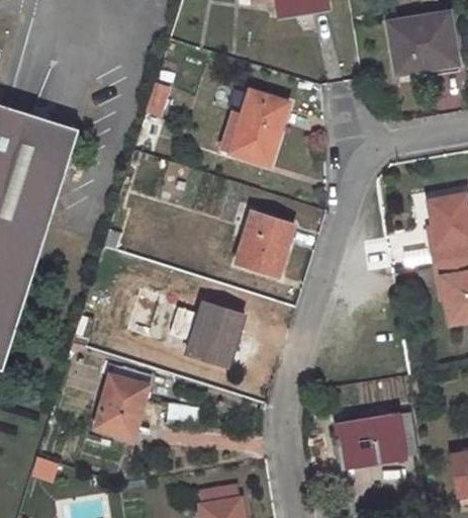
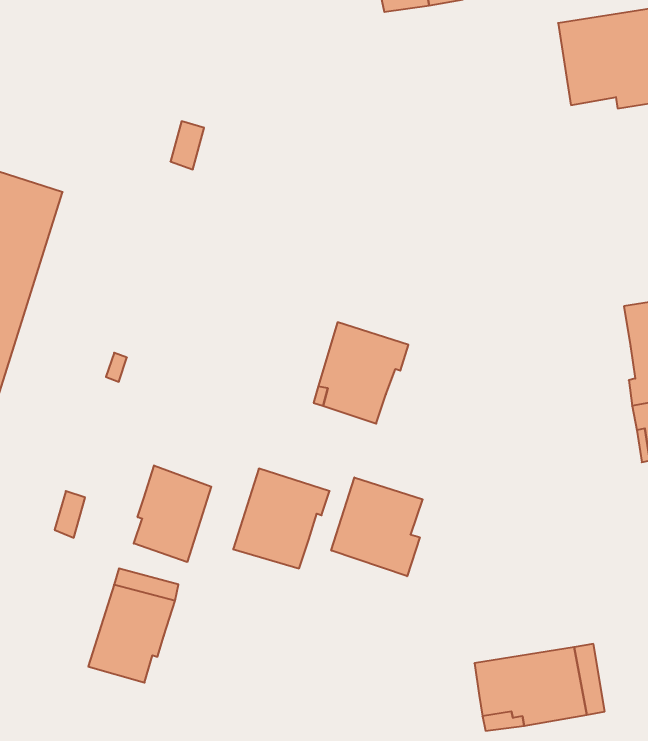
building: [230,90,289,162] -> none
building: none -> [134,465,211,562]
building: none -> [331,477,423,576]

